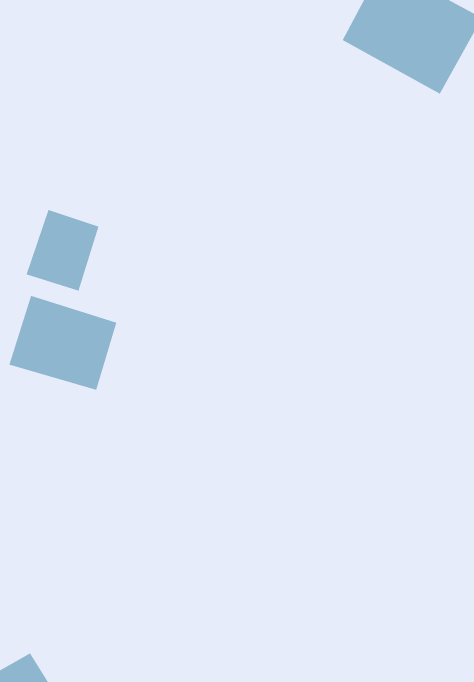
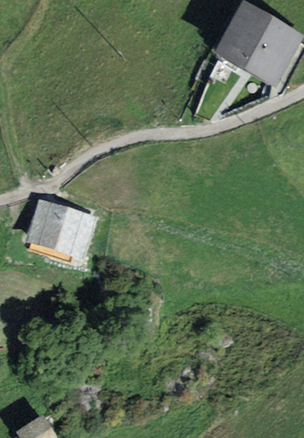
building: [26,209,99,291] -> none

